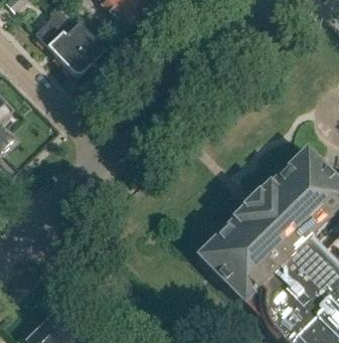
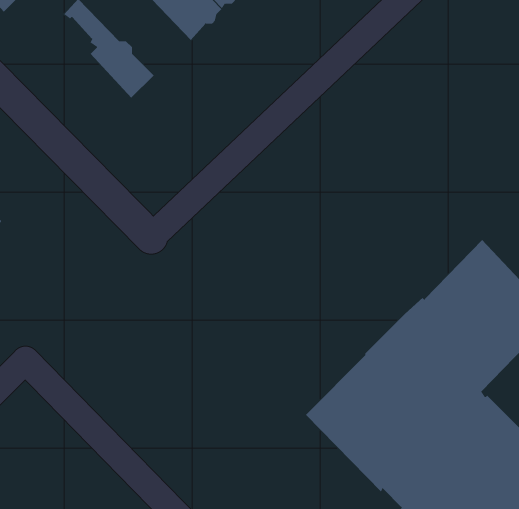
building: [36,14,92,71] -> none

